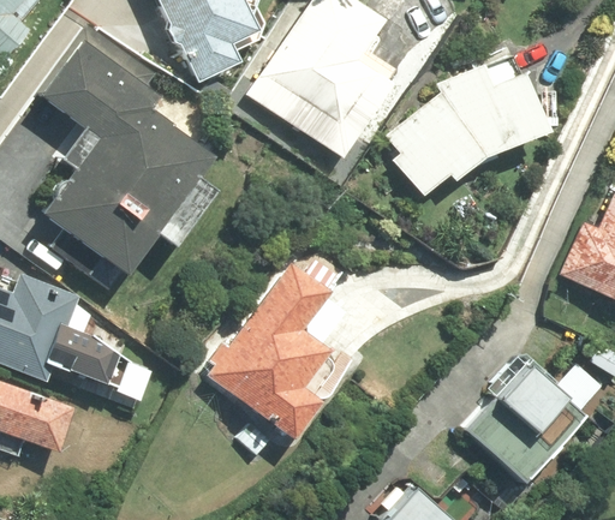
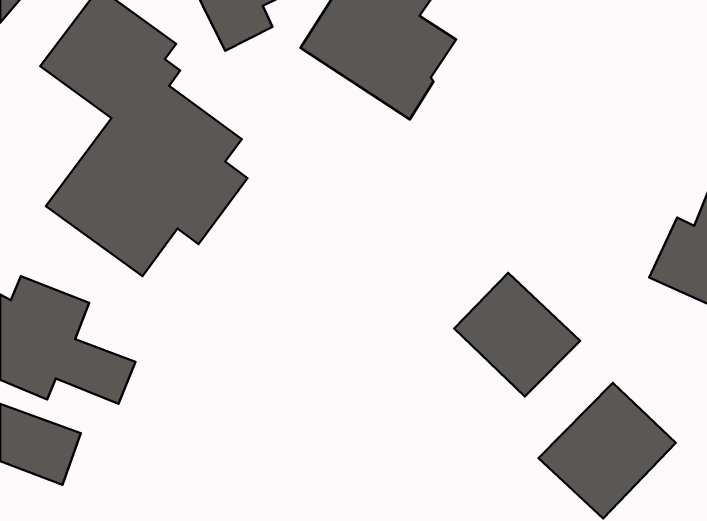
building: [387,54,545,193] -> none
building: [207,267,333,435] -> none
building: none -> [454,273,580,397]

